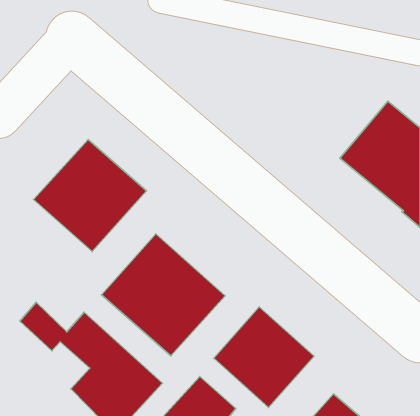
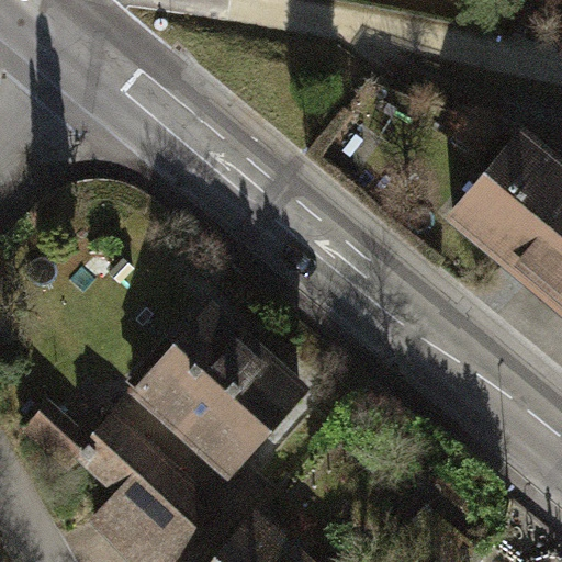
building: [34,139,146,251] -> none
building: [214,307,314,407] -> none

